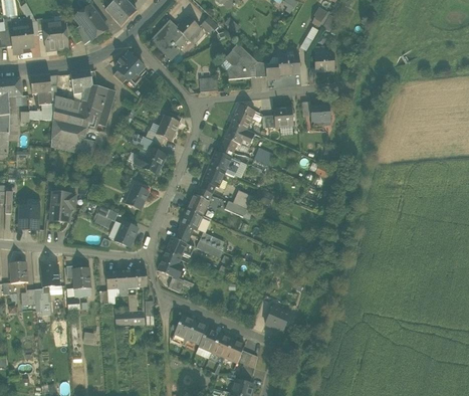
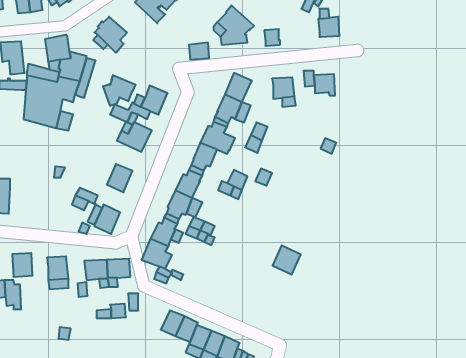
building: [278,55,299,74] -> none
building: none -> [103,75,136,106]
building: [51,193,74,221] -> none
building: [265,306,290,332] -> [273,245,301,275]

